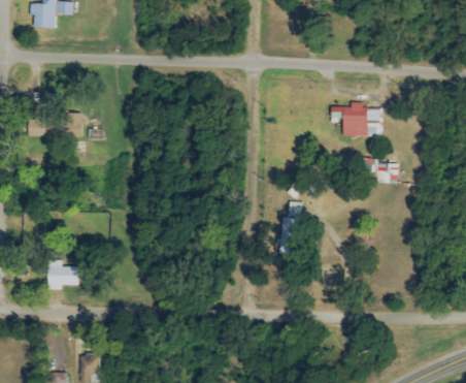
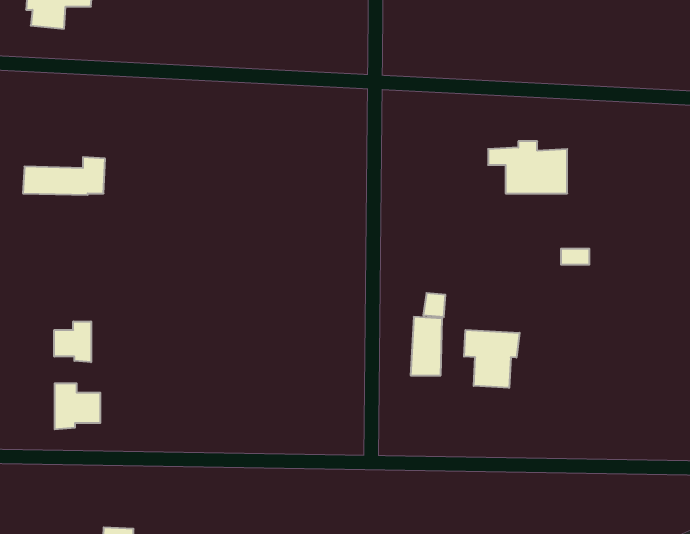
building: none -> [54,321,91,362]
building: none -> [464,330,520,388]

